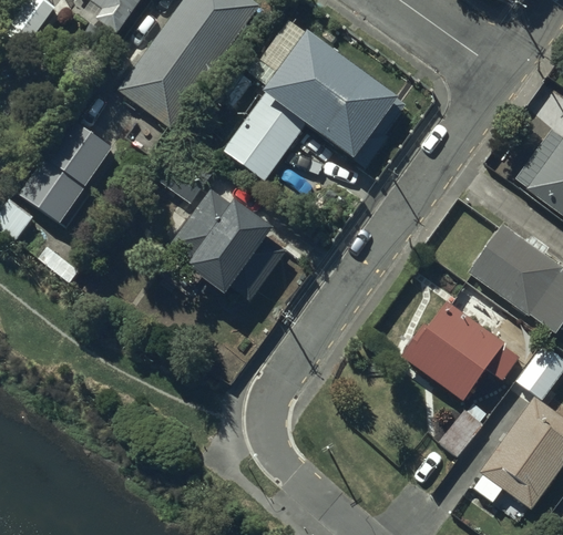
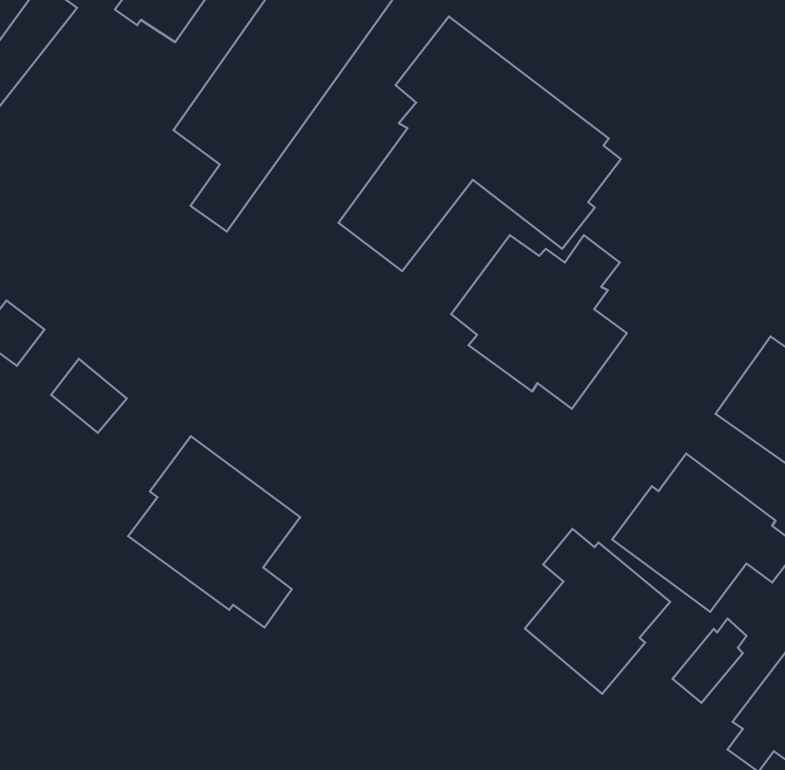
building: [19,121,108,219] -> none
building: [172,188,285,300] -> [451,235,627,409]
building: none -> [128,436,300,627]
building: none -> [525,529,670,694]

